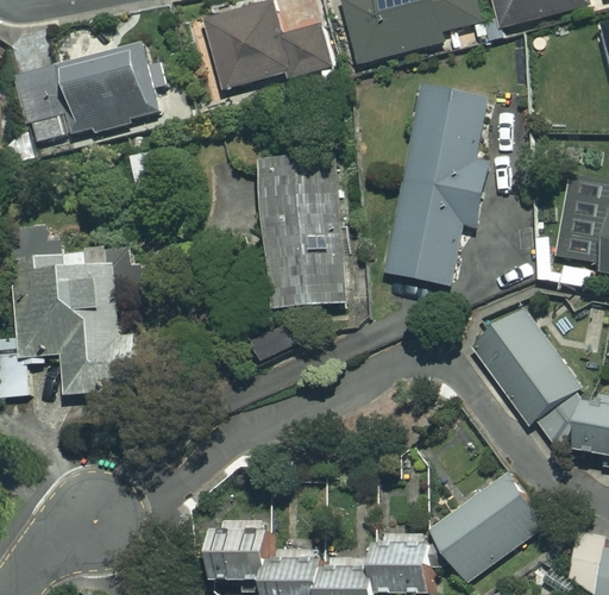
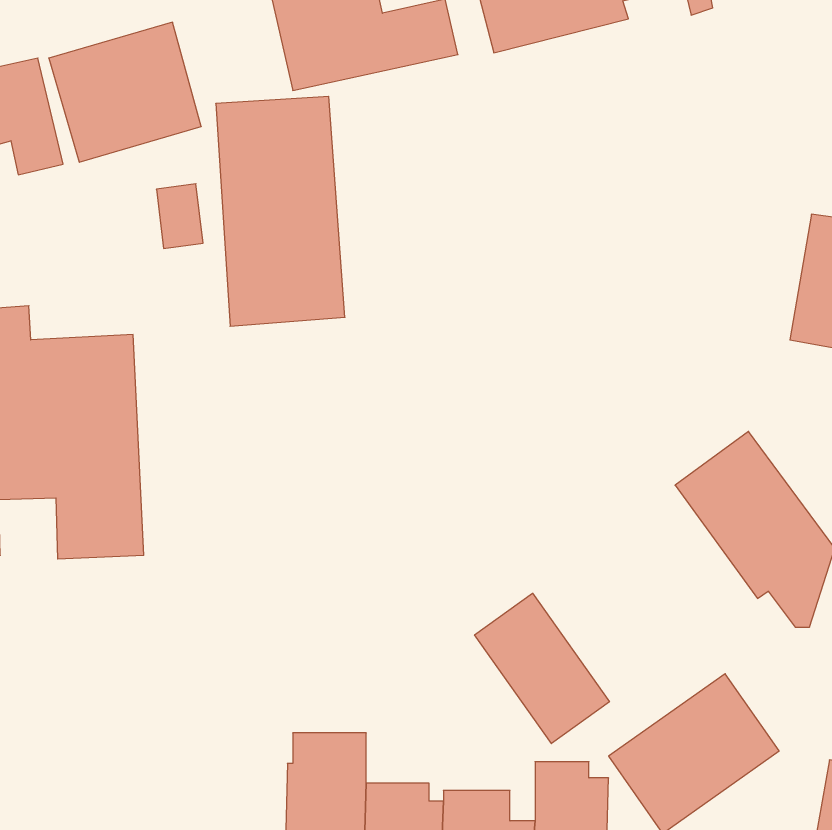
building: [385,87,491,287] -> none
building: [263,159,349,312] -> [216,96,345,326]
building: none -> [475,593,609,744]

